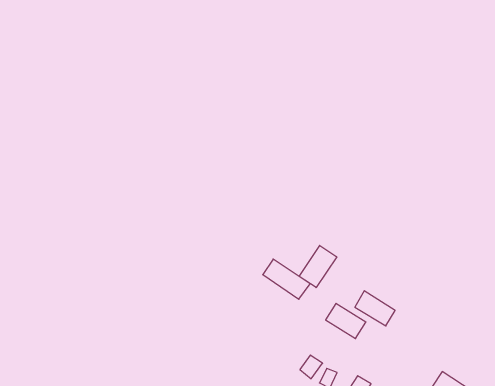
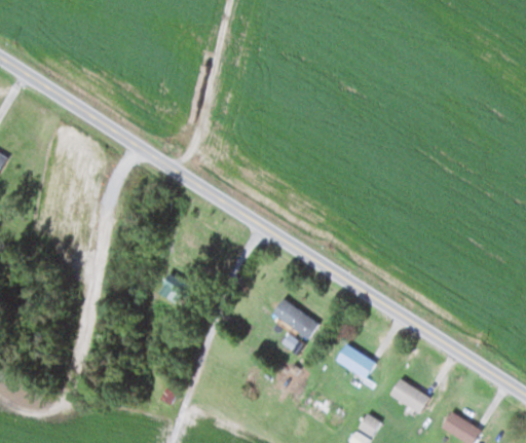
building: [299,245,337,288] -> none
building: [355,291,395,326] -> [389,378,429,413]

